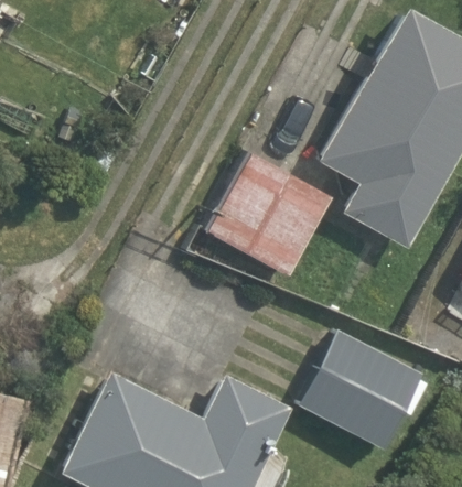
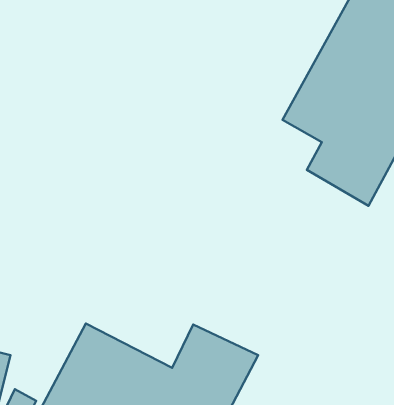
building: [206,154,335,279] -> none
building: [300,331,423,452] -> none

